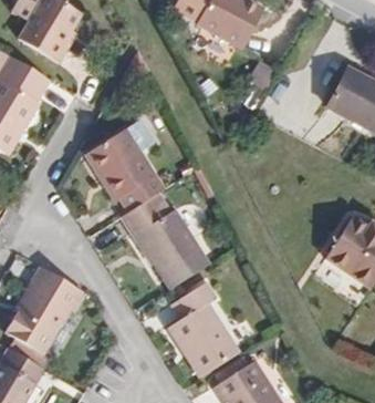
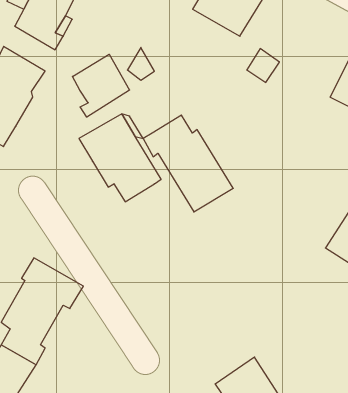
building: none -> [72,54,130,117]
building: [118,193,207,288] -> [143,115,233,212]
building: [169,282,238,374] -> none

